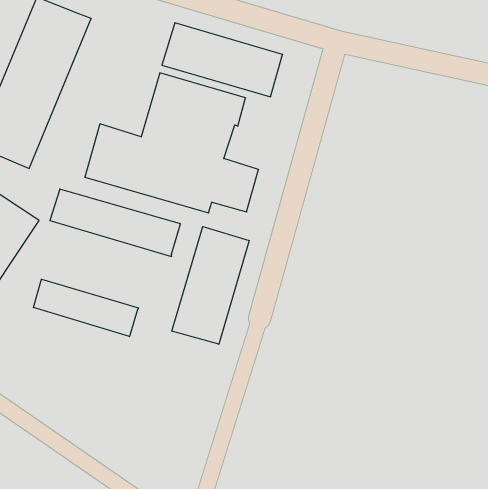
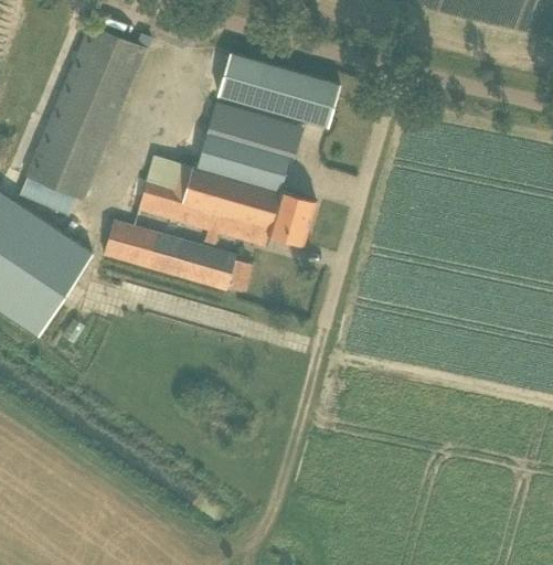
building: [172,227,249,344] -> none
building: [33,279,139,337] -> none

